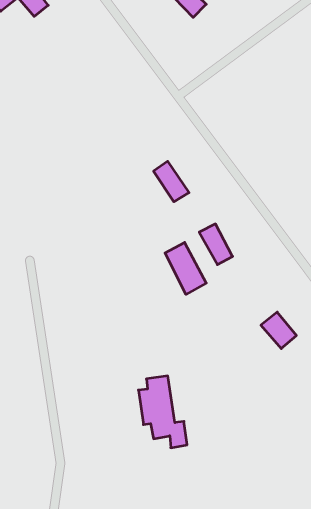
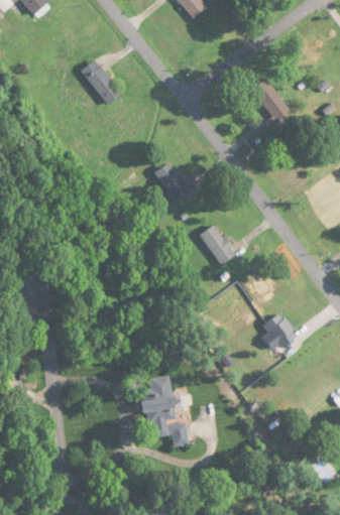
building: none -> [82,60,121,105]
building: none -> [252,79,290,122]
building: [165,242,206,294] -> none

